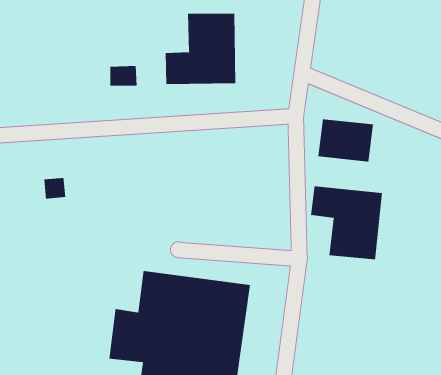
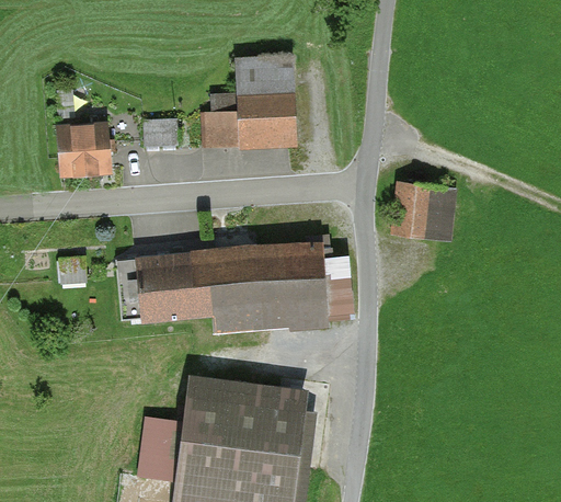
building: none -> [56,125,112,180]
building: none -> [136,249,356,328]
building: [310,185,383,260] -> none

